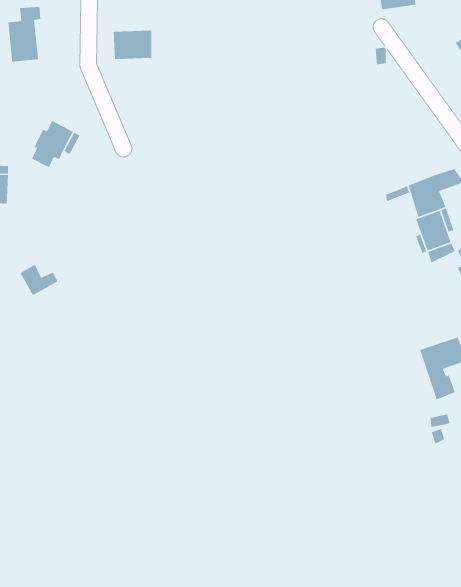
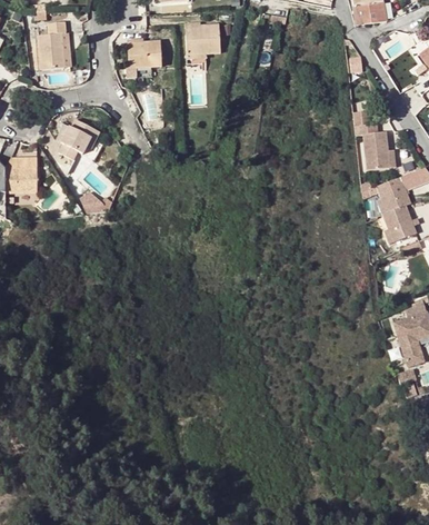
building: none -> [186,24,220,56]
building: none -> [352,117,387,161]
building: [19,264,59,296] -> [79,191,112,219]

